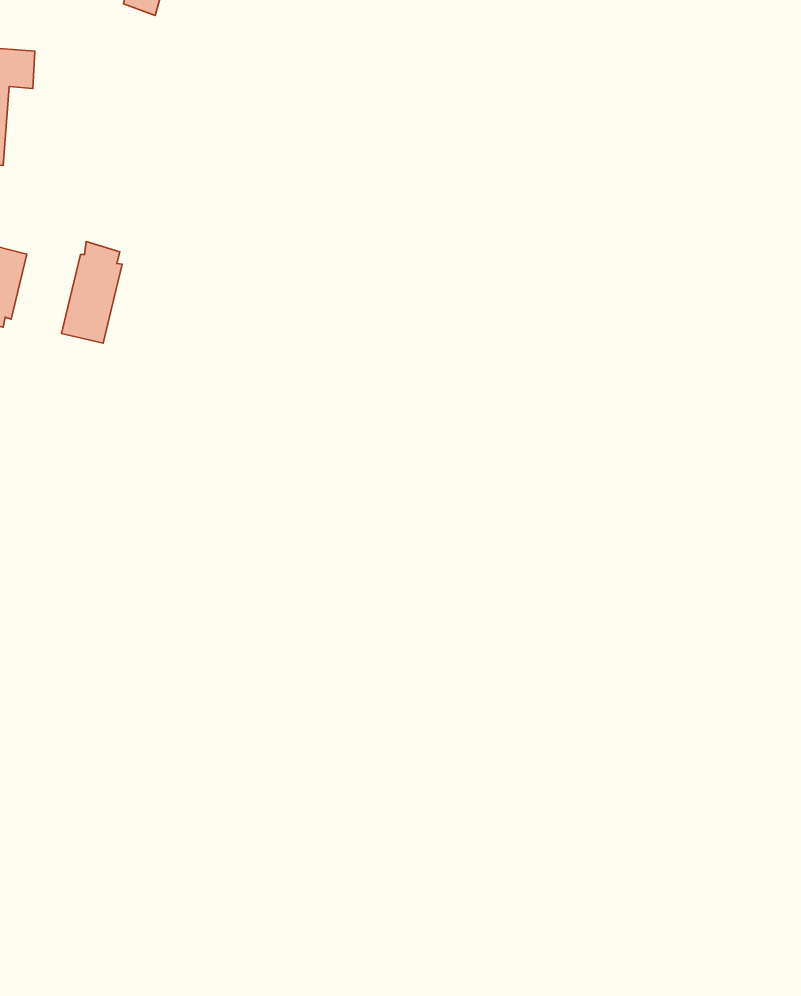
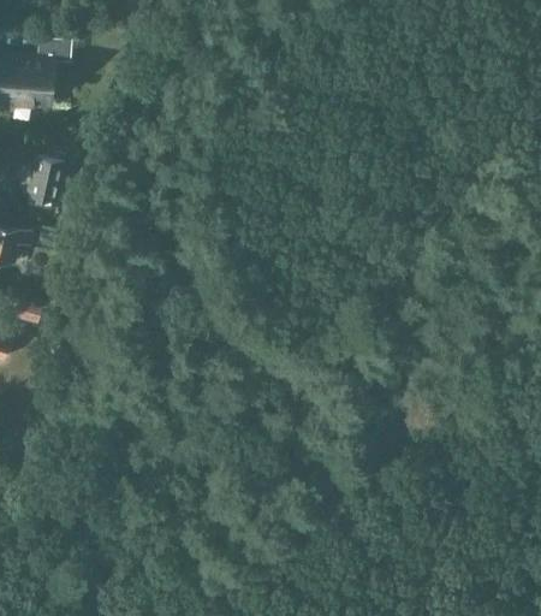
building: [61,242,122,343] -> none

